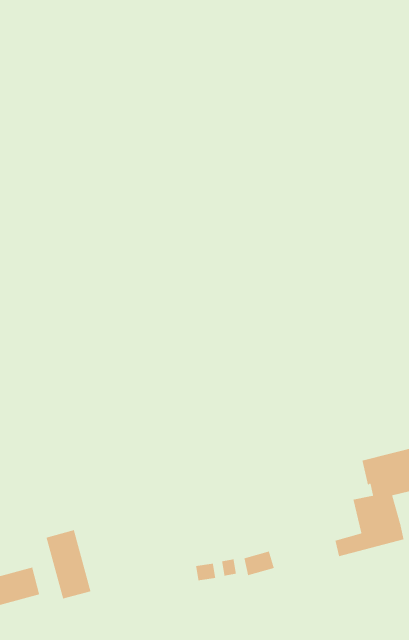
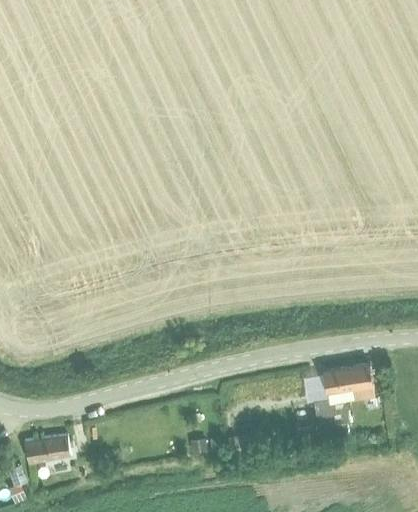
building: [46,529,91,600] -> none

